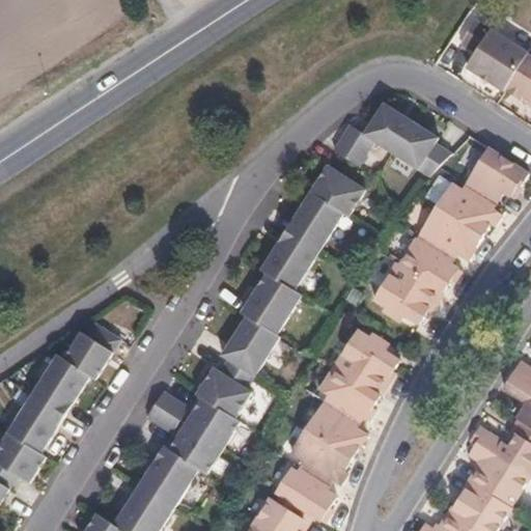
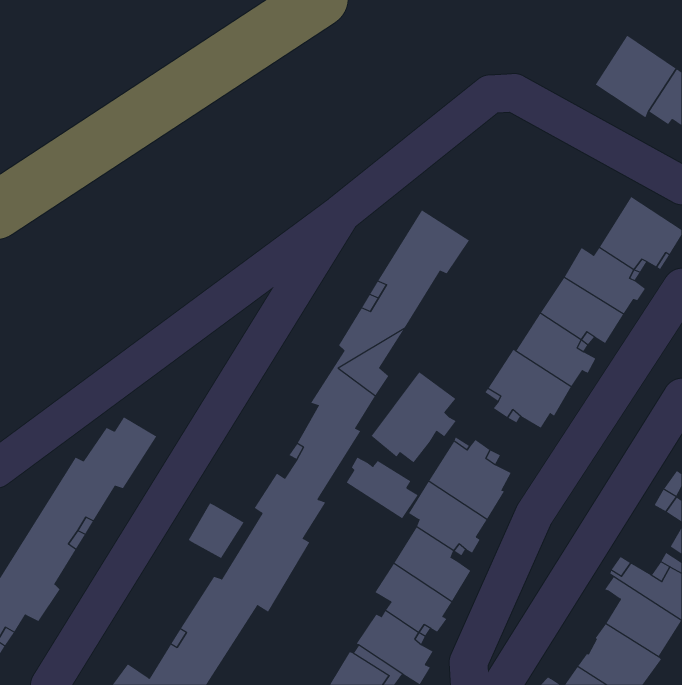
building: [333,99,451,171] -> none
building: none -> [371,372,456,463]
building: none -> [346,457,419,519]

